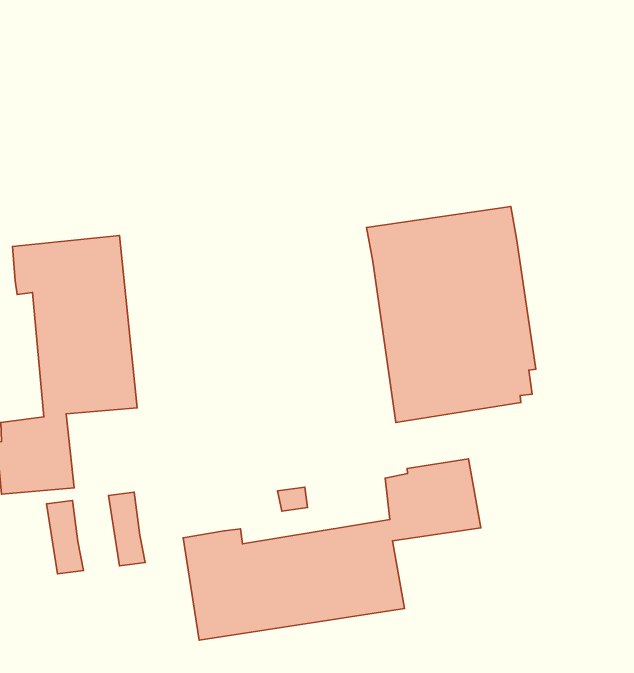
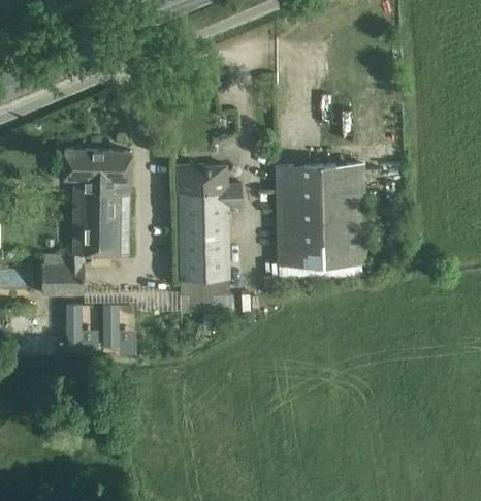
building: none -> [177,163,242,312]
building: [183,459,481,640] -> none

